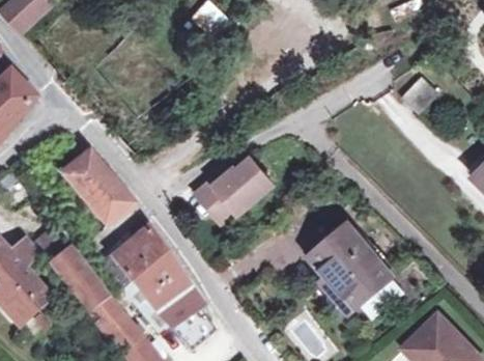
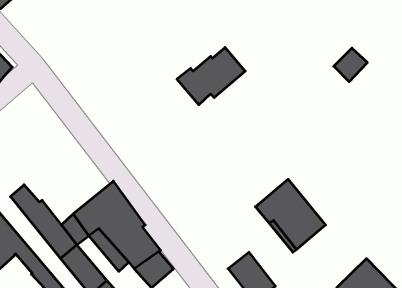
building: [67,151,134,221] -> none
building: [197,156,275,221] -> [177,47,245,105]

